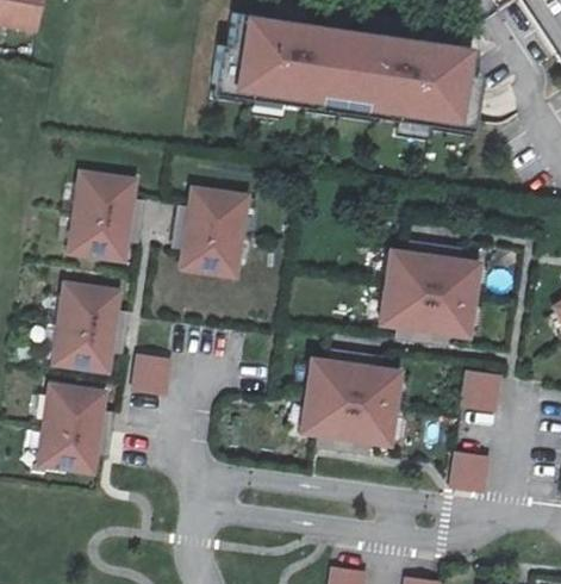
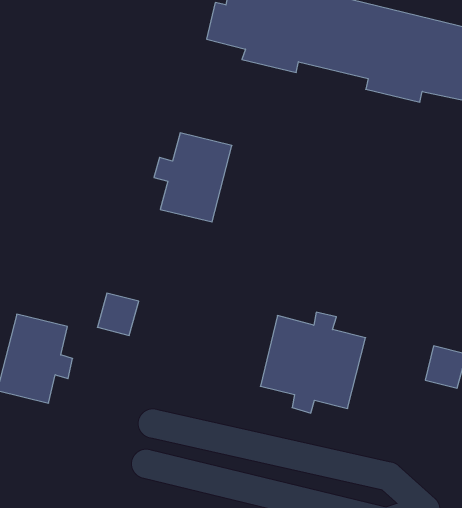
building: [71,169,143,254] -> none
building: [381,241,478,342] -> none
building: [55,281,126,366] -> none
building: [450,449,488,489] -> none

